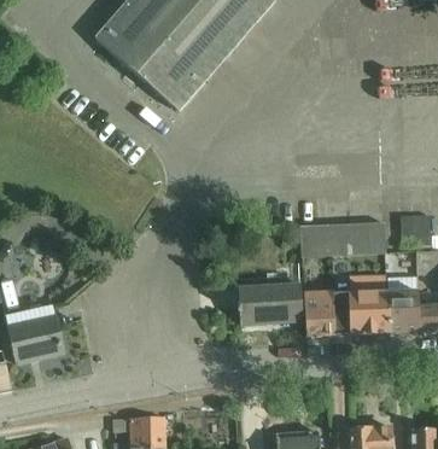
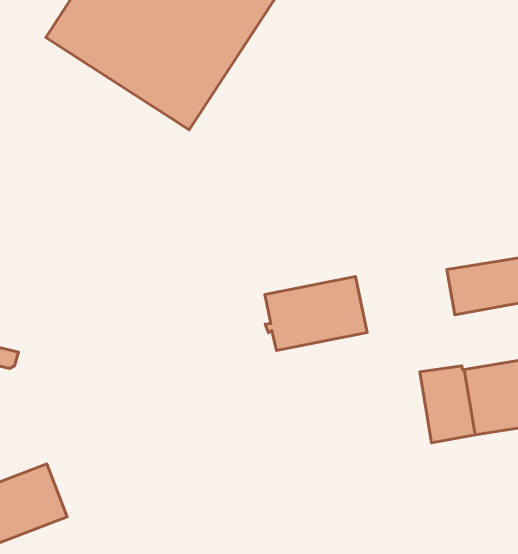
building: [300,224,333,256] -> none
building: [236,284,302,325] -> [265,276,367,350]

